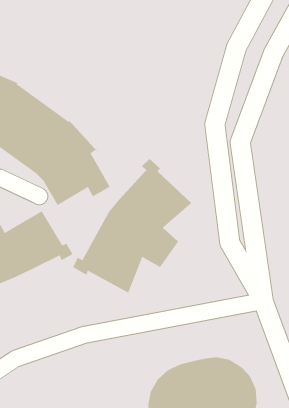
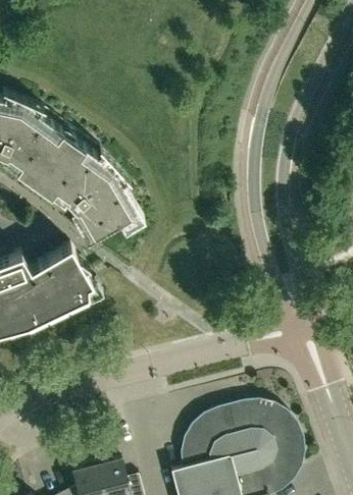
building: [73,158,192,293] -> none

